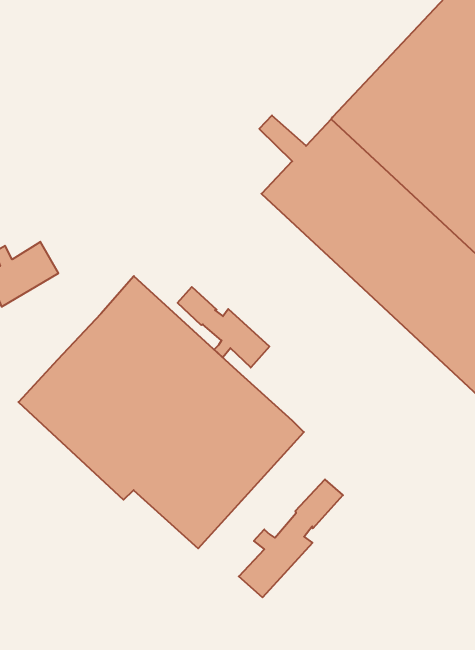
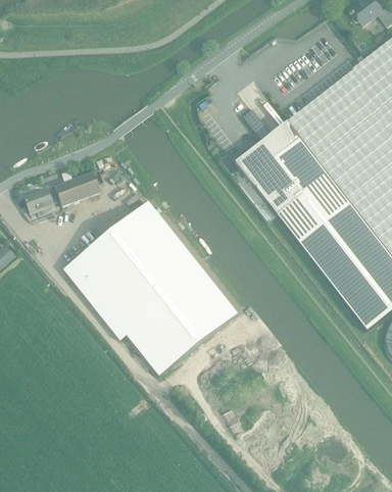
building: [178,287,269,368] -> none
building: [239,479,343,597] -> none

